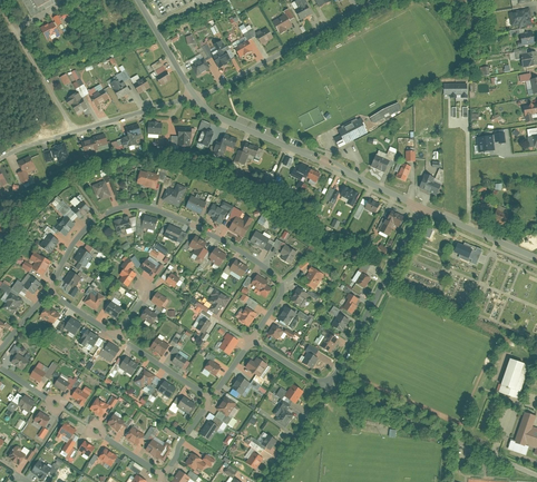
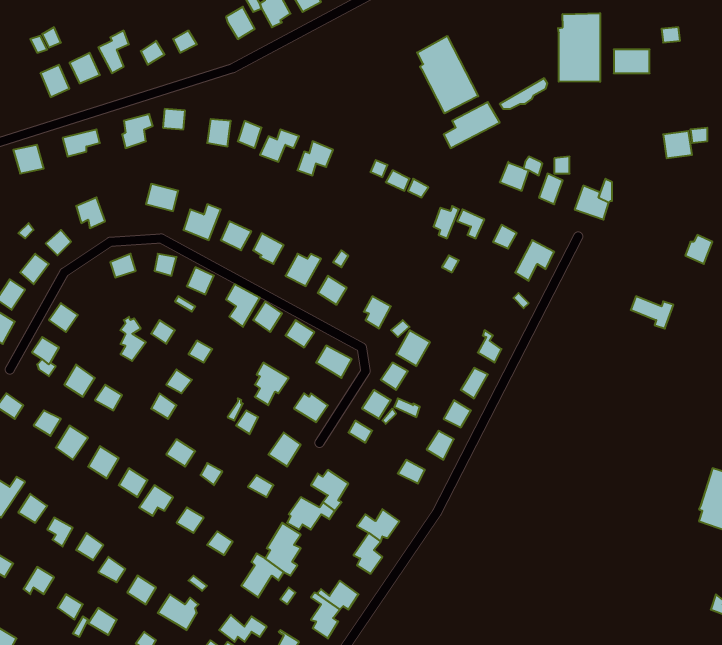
building: none -> [558,13,600,82]
building: none -> [417,36,478,113]

